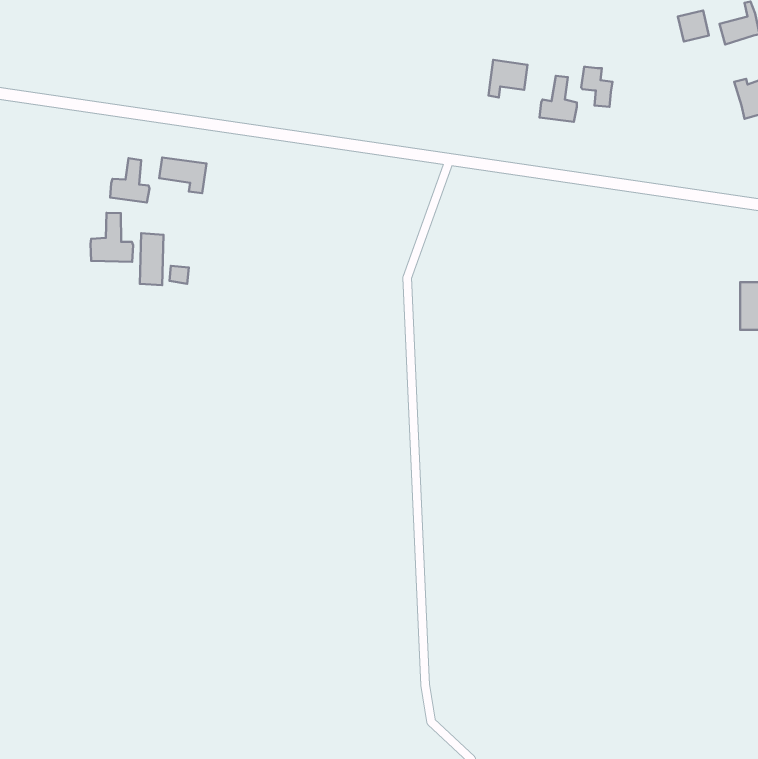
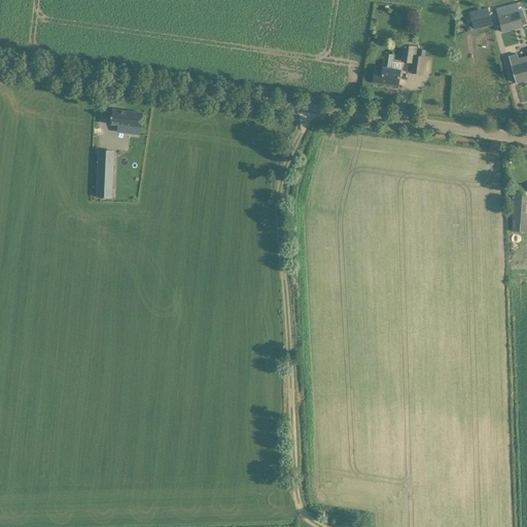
building: [489,60,527,97] -> none
building: [110,158,149,203] -> none
building: [90,213,133,262] -> none

